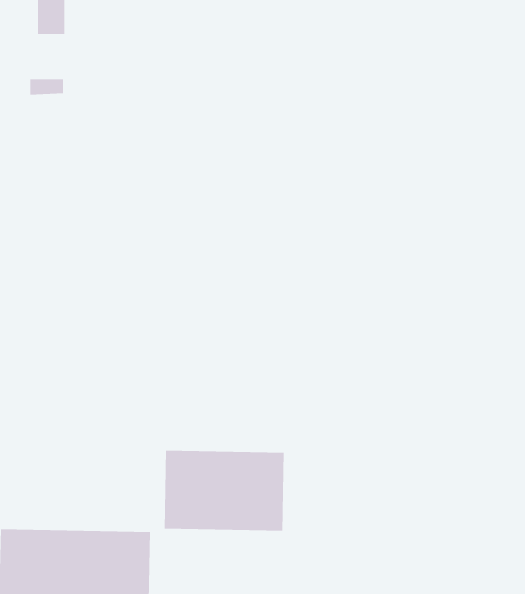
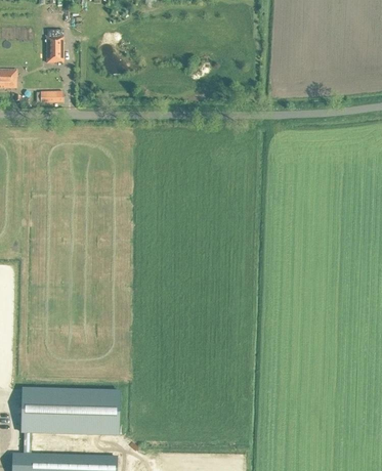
building: [164,450,285,532] -> none

